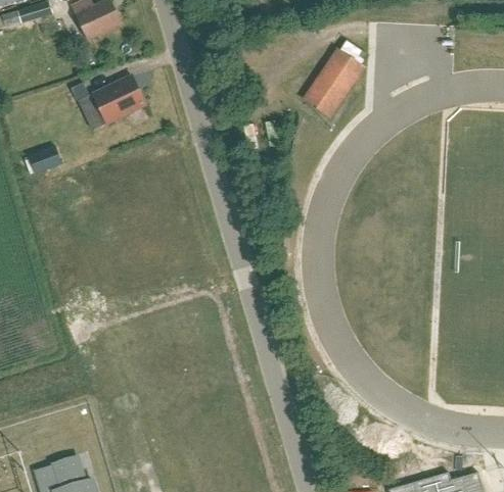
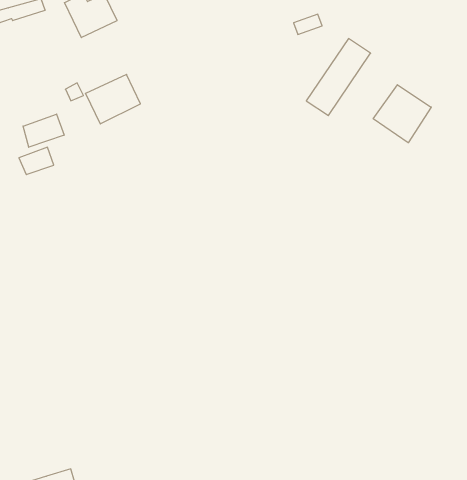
building: none -> [373,85,431,143]
building: none -> [23,114,64,147]

